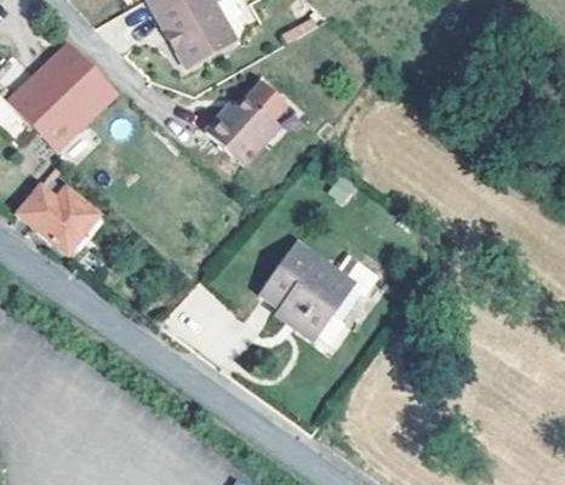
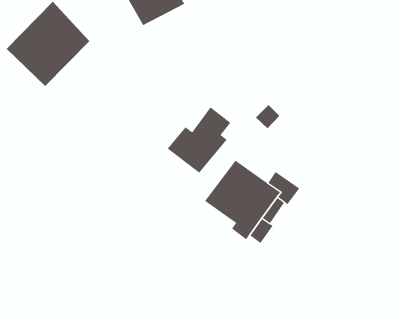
building: [204,78,285,162] -> [167,106,231,173]
building: [16,186,104,253] -> none

